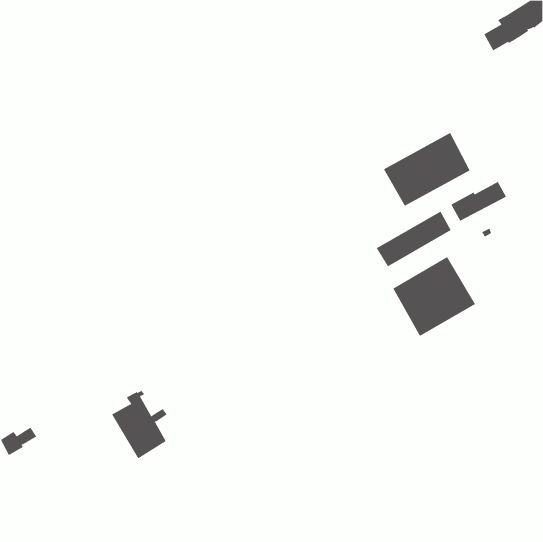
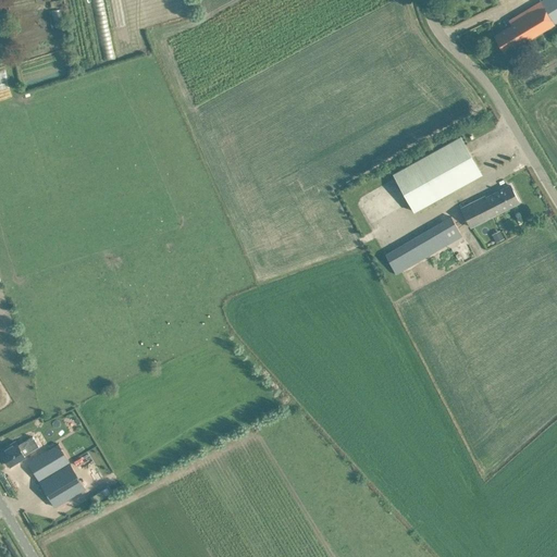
building: [392,256,476,337] -> none
building: [111,390,167,459] -> [27,438,85,509]

